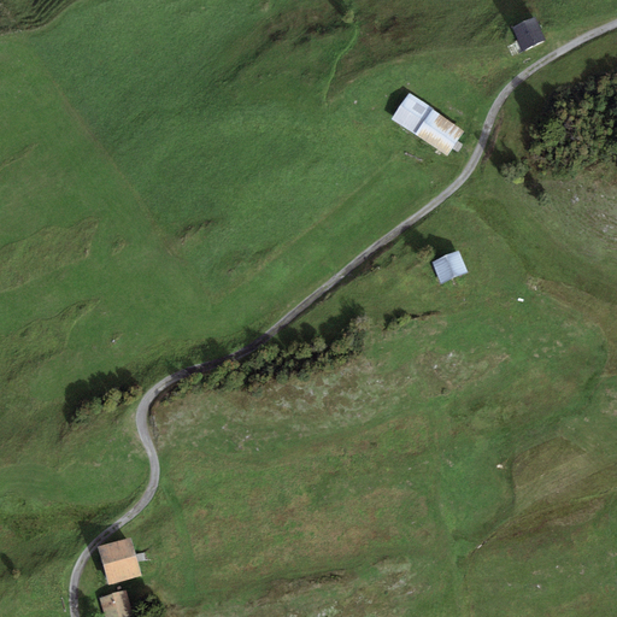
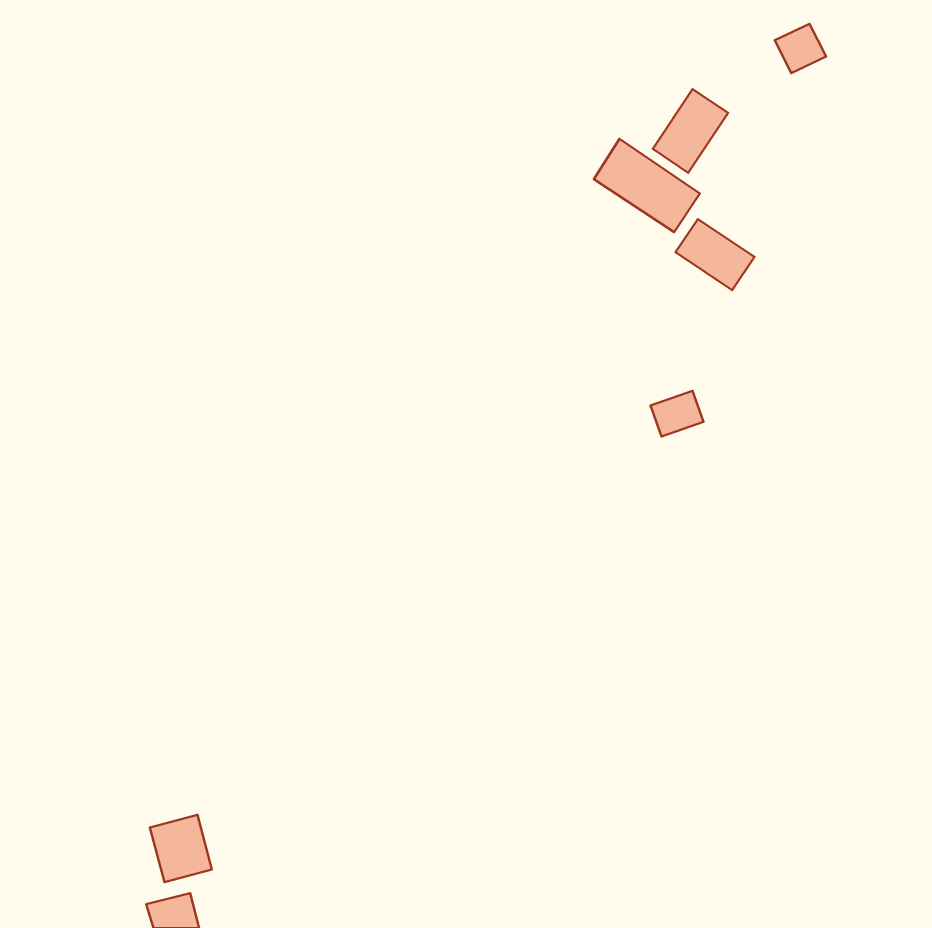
building: none -> [653,89,728,173]
building: none -> [675,219,754,290]

